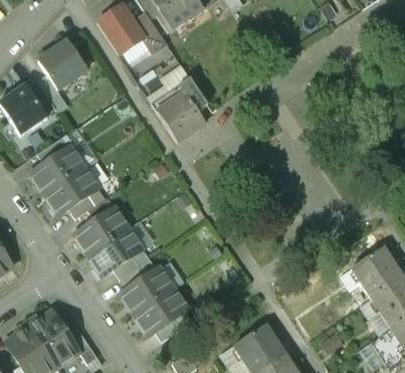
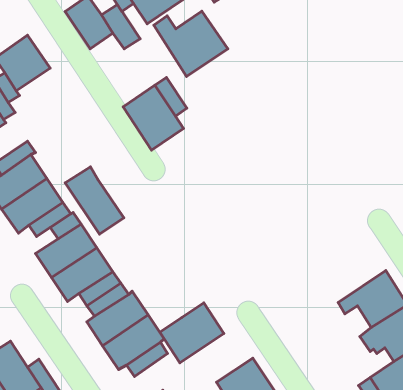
building: none -> [154,11,228,77]
building: none -> [65,167,124,234]
building: none -> [160,303,224,363]

